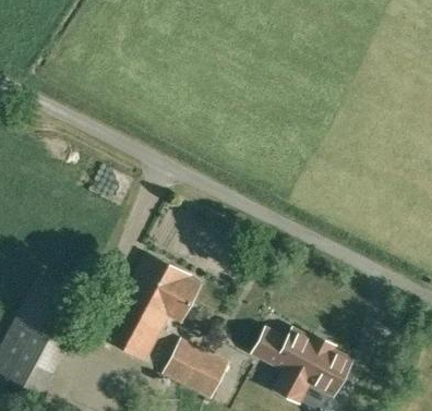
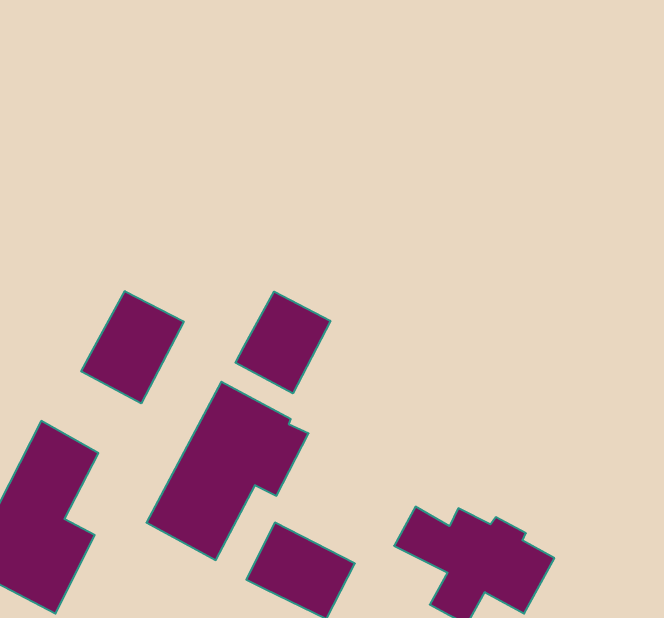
building: none -> [81,291,184,403]
building: none -> [235,292,330,393]

